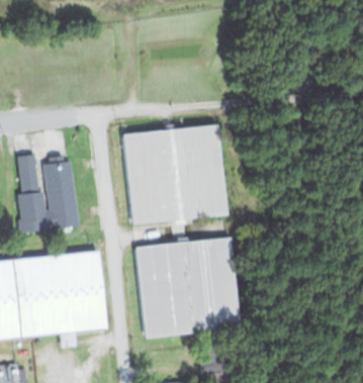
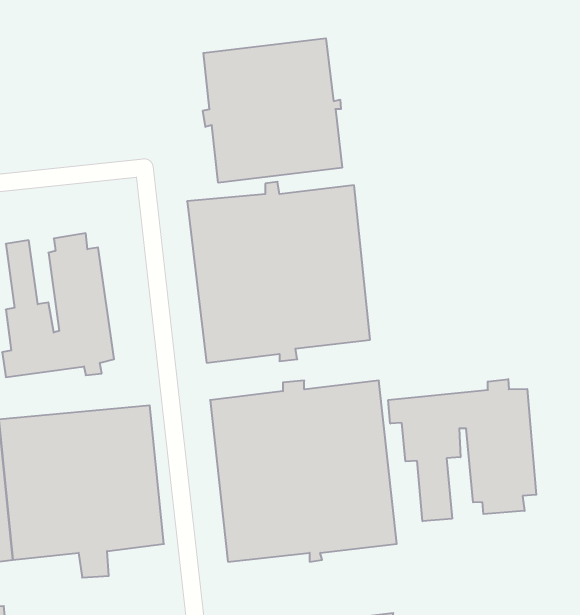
building: none -> [203,38,342,183]
building: none -> [388,379,536,521]

